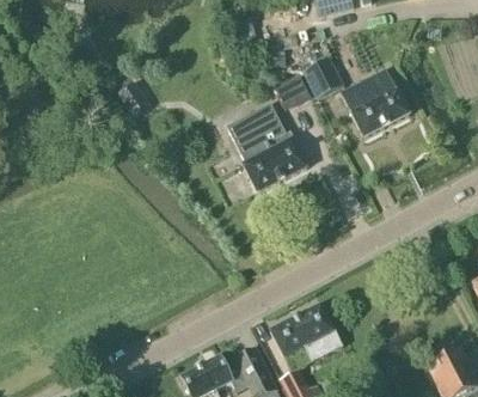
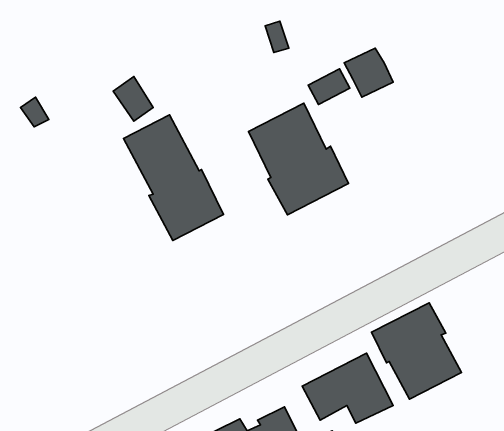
building: [339,69,409,138] -> none
building: none -> [123,115,224,240]
building: none -> [372,303,462,399]

